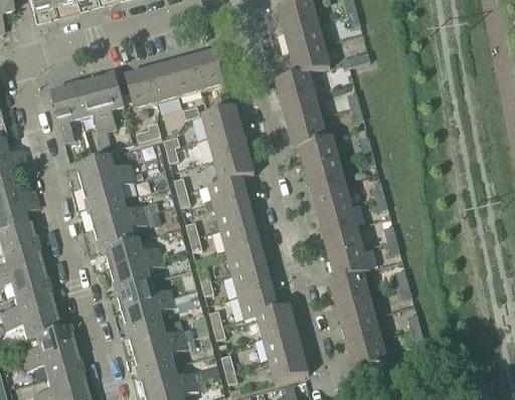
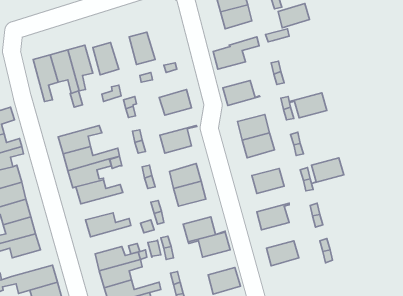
building: [290,41,329,71] -> [278,4,310,28]
building: [192,49,224,89] -> none
building: [147,61,179,102] -> none
building: [281,92,321,125] -> none
building: [201,105,241,137] -> none
building: [293,136,339,167] -> [290,93,327,118]
building: [207,150,253,184] -> none
building: [75,155,133,186] -> none
building: [214,197,253,229] -> none
building: [317,202,357,234] -> none
building: [329,247,369,279] -> [311,158,344,184]
building: [110,255,164,289] -> none
building: [231,263,272,294] -> none
building: [335,292,375,325] -> none
building: [122,296,175,332] -> none
building: [21,325,74,360] -> none
building: [262,327,302,358] -> none
building: [347,337,387,370] -> none

